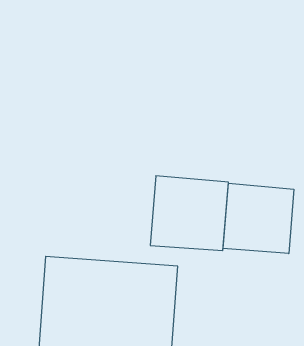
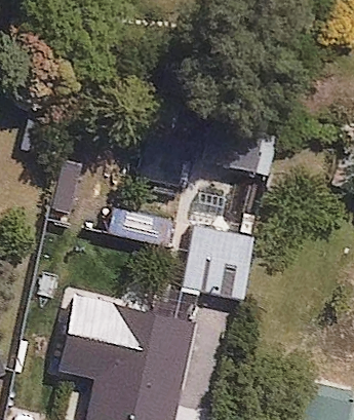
building: [223,183,294,254] -> none

